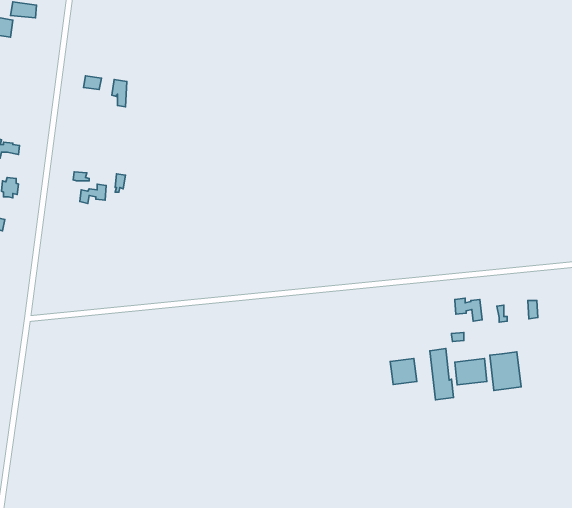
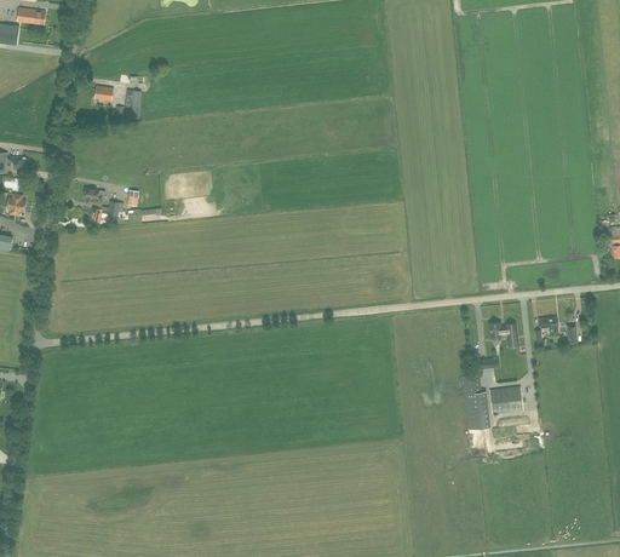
building: [490,352,521,391] -> none
building: [390,358,417,384] -> none

